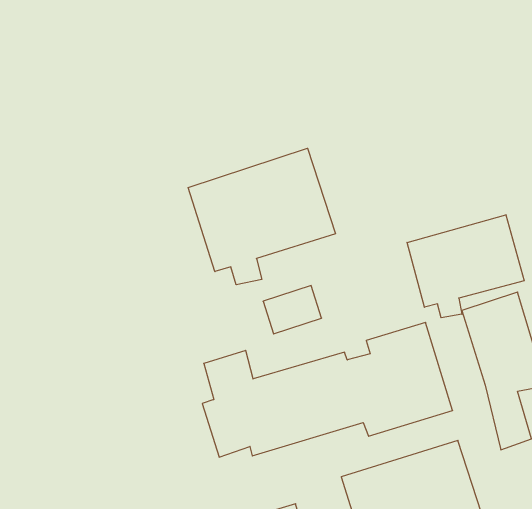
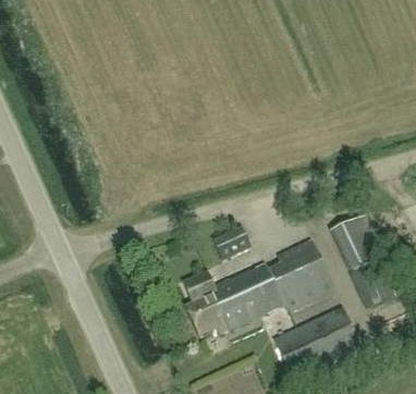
building: [188,148,336,285] -> none
building: [407,215,524,318] -> none

